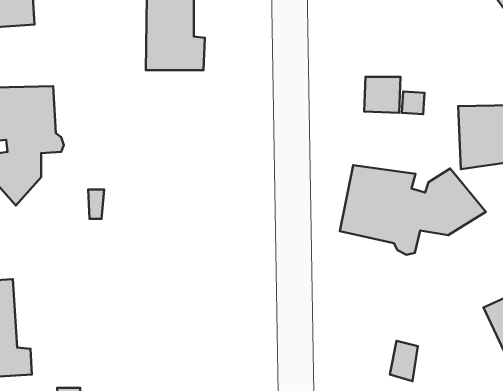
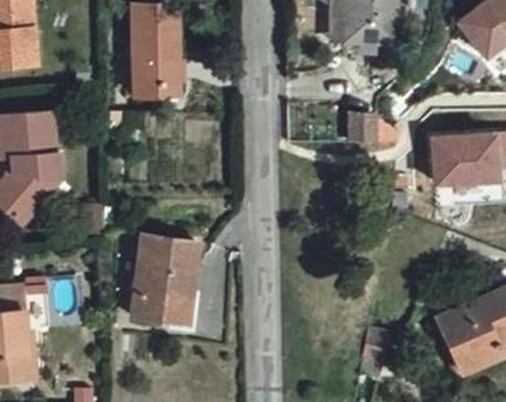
building: [340,165,486,255] -> none
building: none -> [138,248,205,330]

